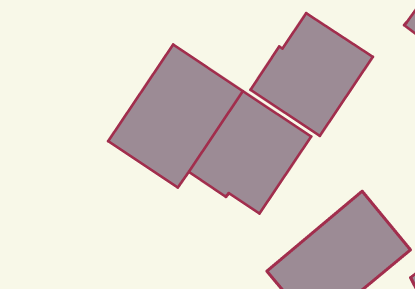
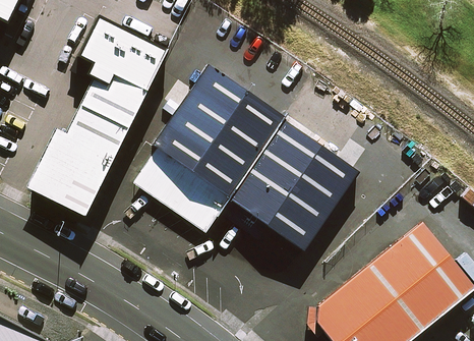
building: none -> [25,22,160,216]
building: [251,13,373,136] -> none

